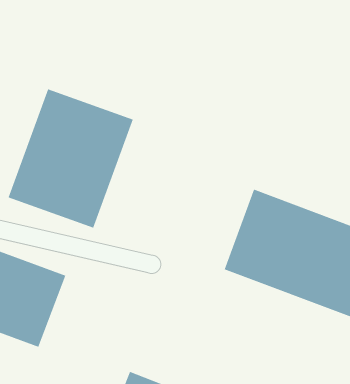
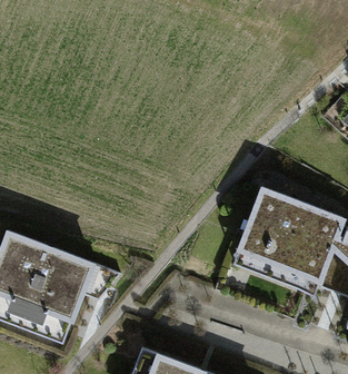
building: [8,89,134,228] -> none

